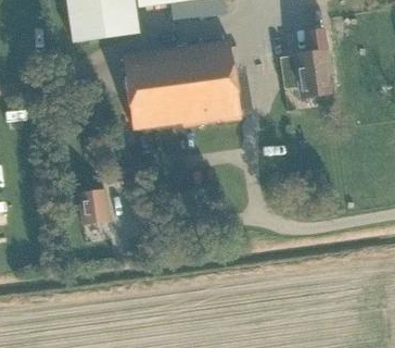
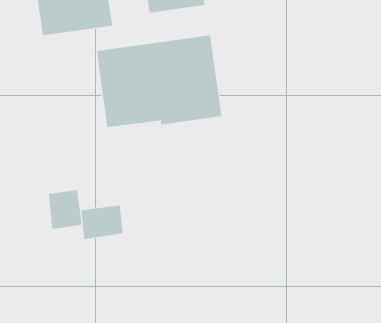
building: [281,30,332,98] -> none
building: none -> [81,205,123,240]

